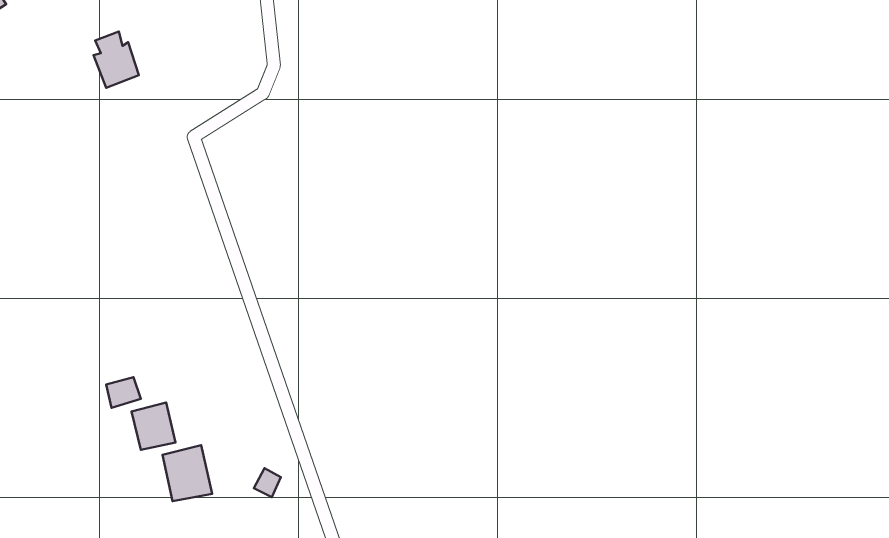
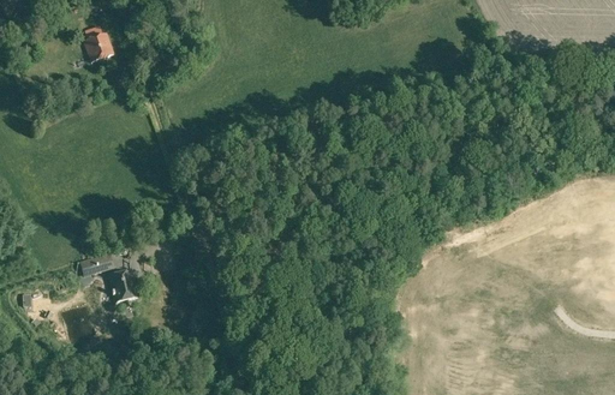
building: [163,445,212,501] -> none

